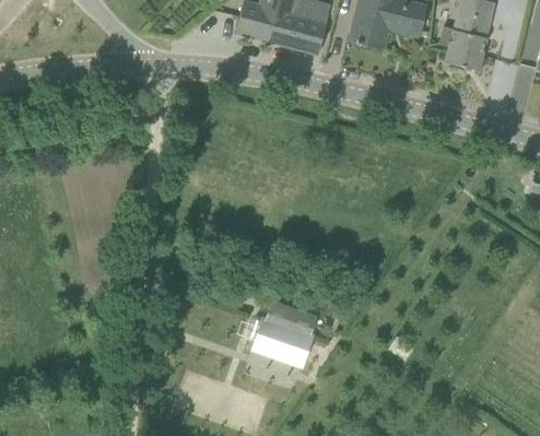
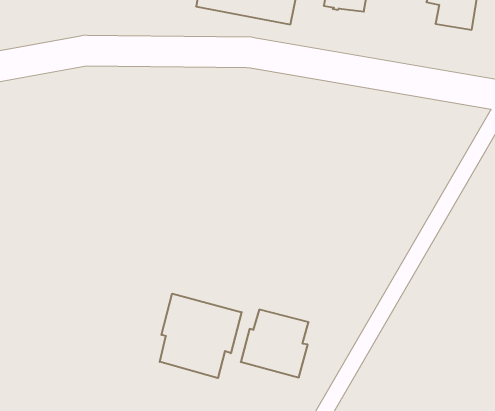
building: none -> [160,294,242,378]

